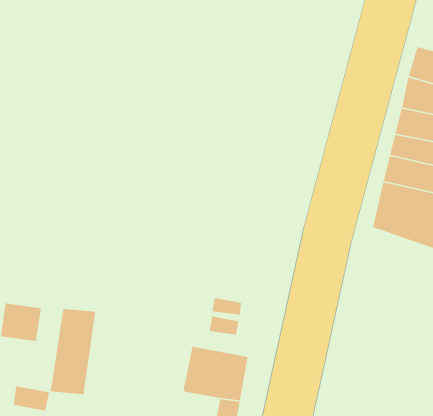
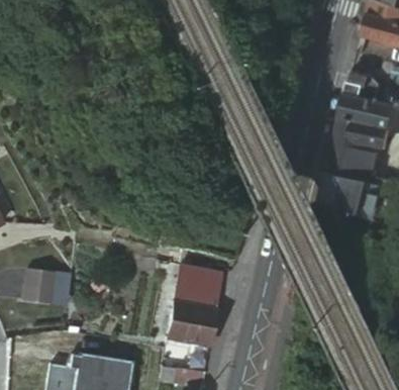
building: [50,308,96,395] -> none

